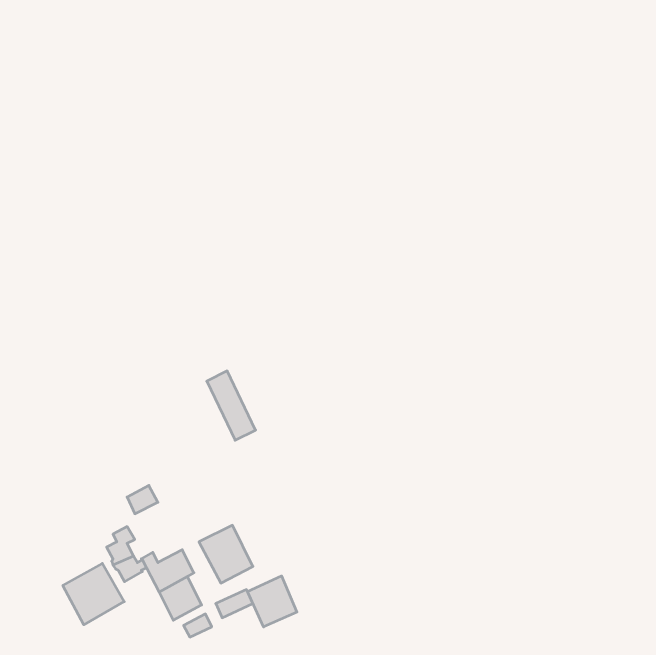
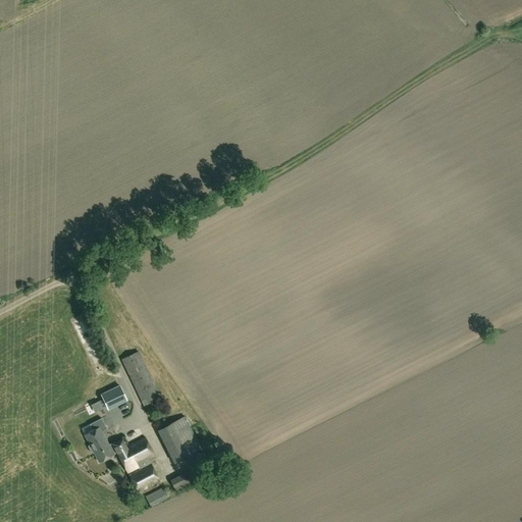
building: [207,371,256,440] -> [122,351,161,406]
building: [63,563,124,625] -> none
building: [247,576,297,627] -> none

